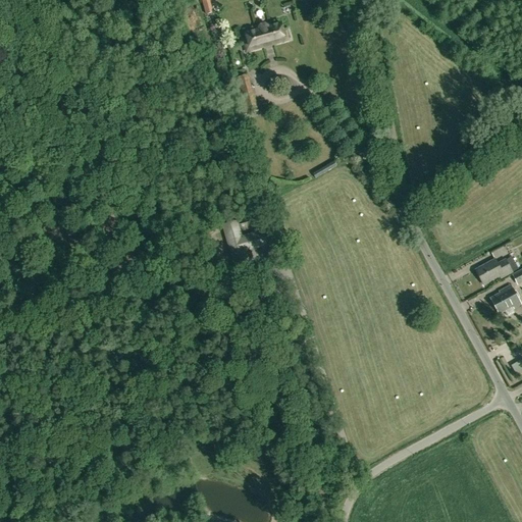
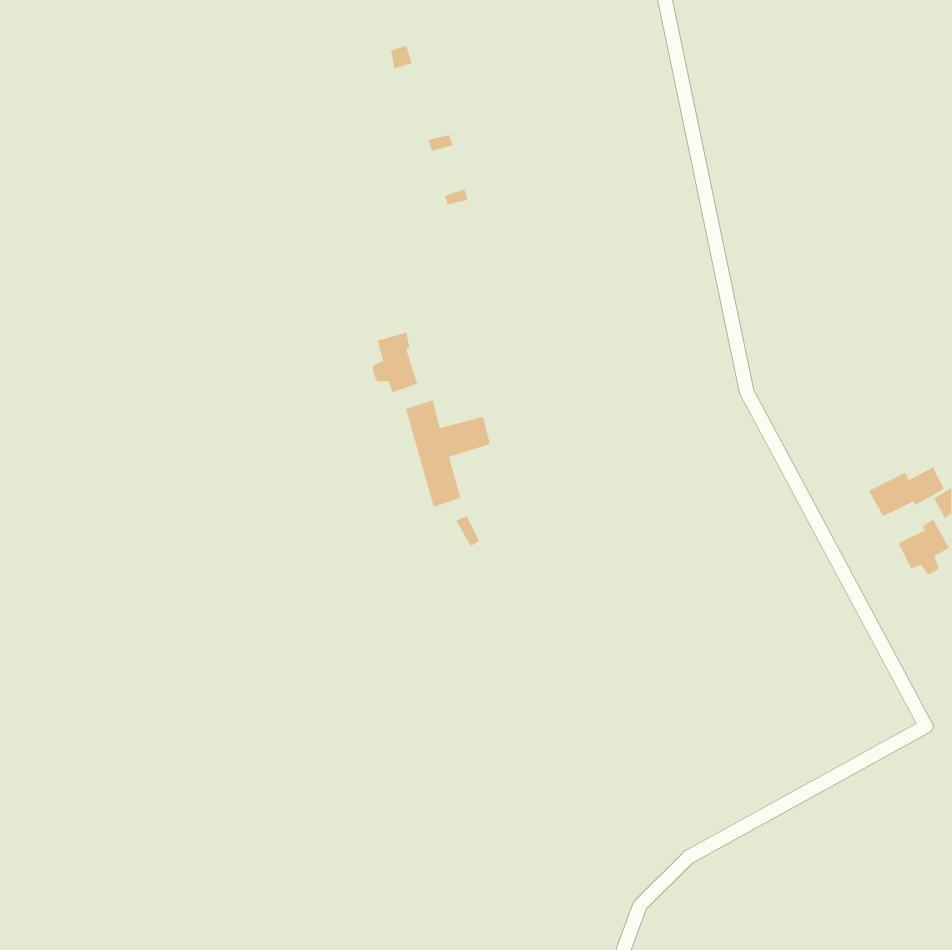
building: [245,21,289,45] -> none
building: none -> [372,332,418,393]

